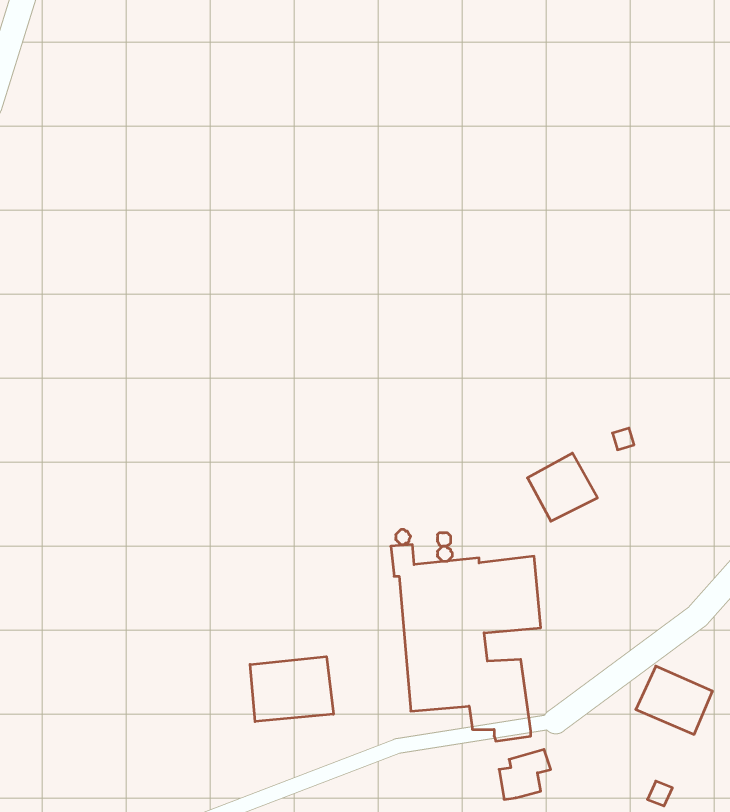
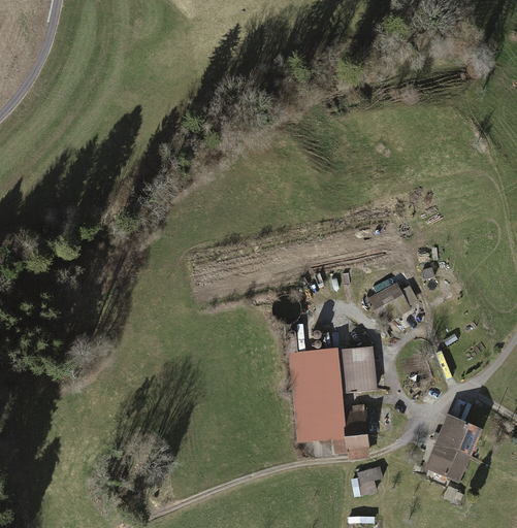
building: [250,657,333,722] -> none
building: none -> [424,440,472,484]

